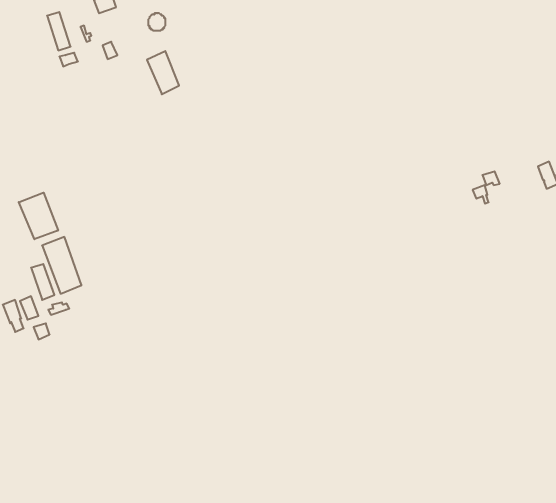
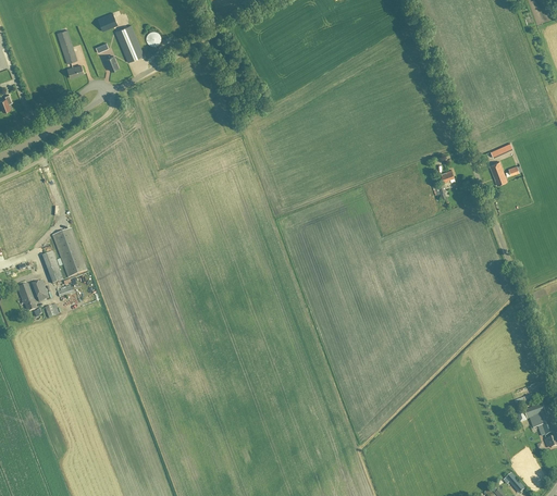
building: [147,51,179,94] -> [115,24,144,62]
building: [19,193,58,239] -> none

